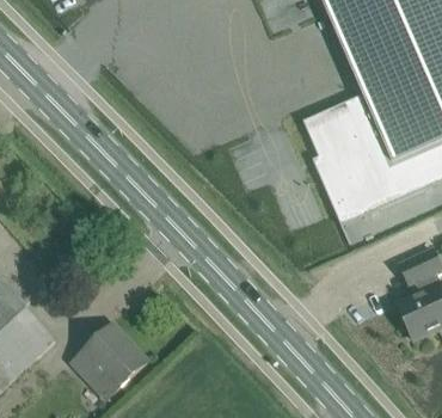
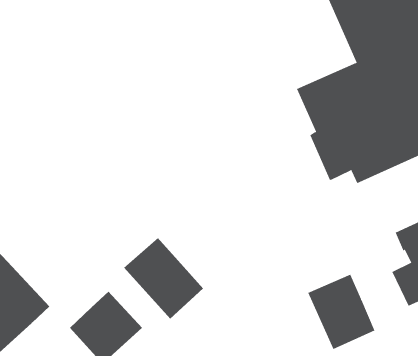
building: none -> [123,237,204,319]
building: none -> [307,274,375,350]

